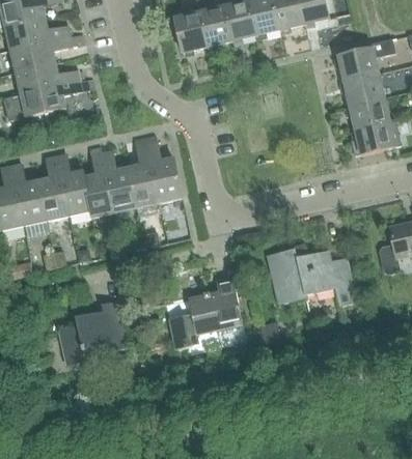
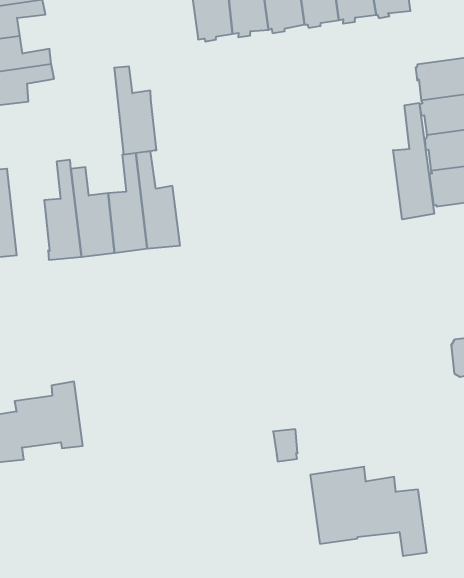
building: none -> [393,103,434,219]
building: [56,154,91,217] -> [114,66,157,154]
building: [269,246,356,306] -> [310,467,427,556]
building: [168,276,243,347] -> none

